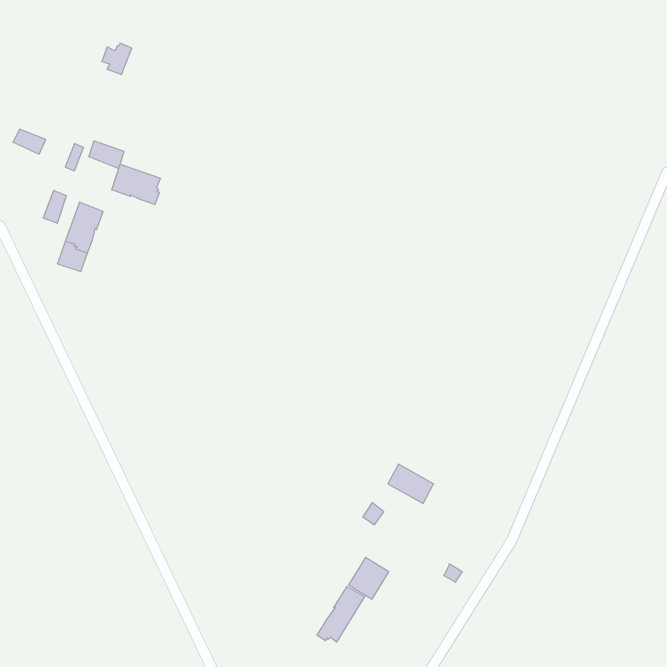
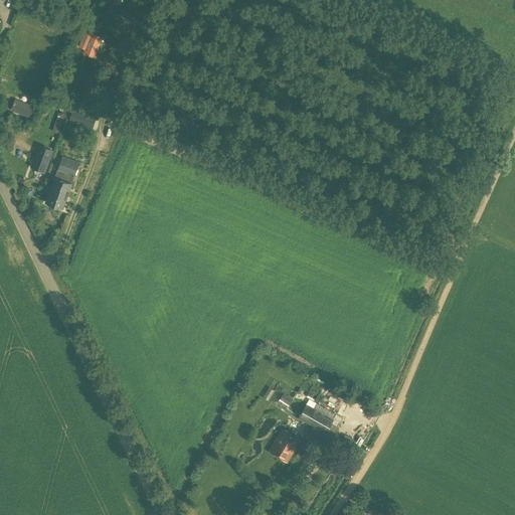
building: [112,164,160,205] -> none
building: [388,464,434,503] -> [298,403,333,434]
building: [317,586,365,642] -> none

